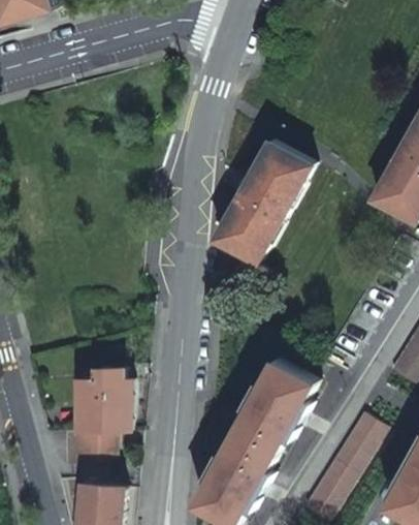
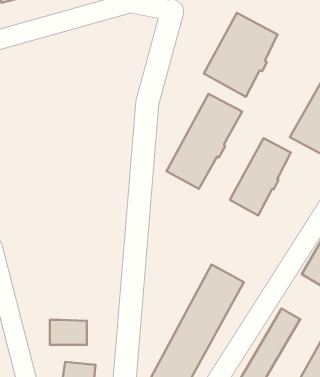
building: none -> [204,13,278,97]
building: none -> [230,138,291,215]
building: [76,368,130,432] -> none

